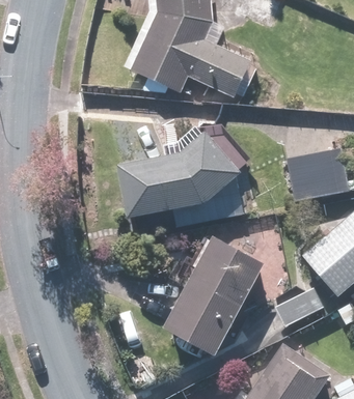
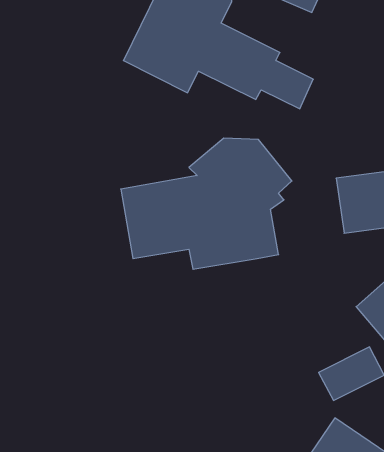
building: [167,235,268,358] -> none

